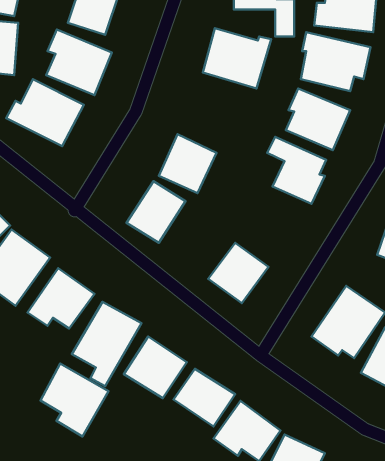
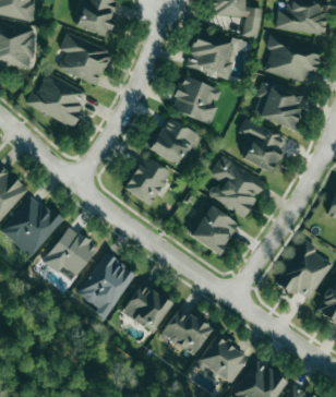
building: none -> [170,76,221,125]
building: none -> [208,157,265,217]
building: [40,364,109,437] -> none

